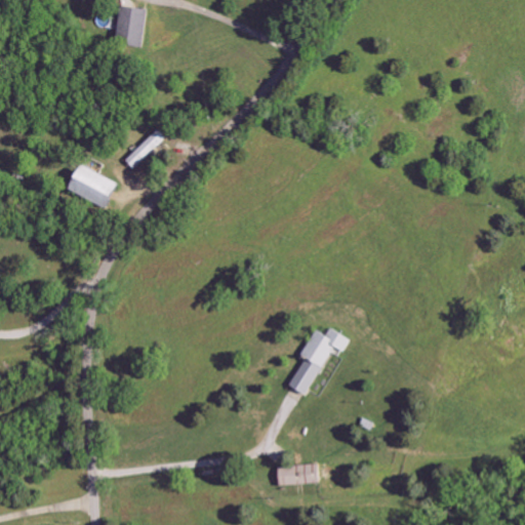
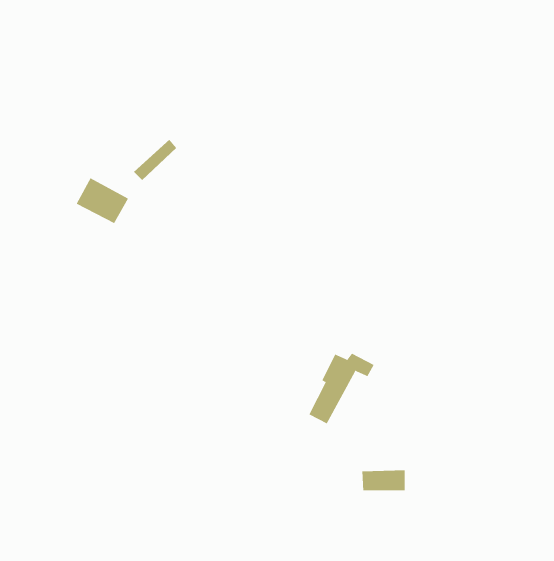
building: [113,4,145,45] -> none
building: [277,465,318,484] -> [361,470,406,491]

